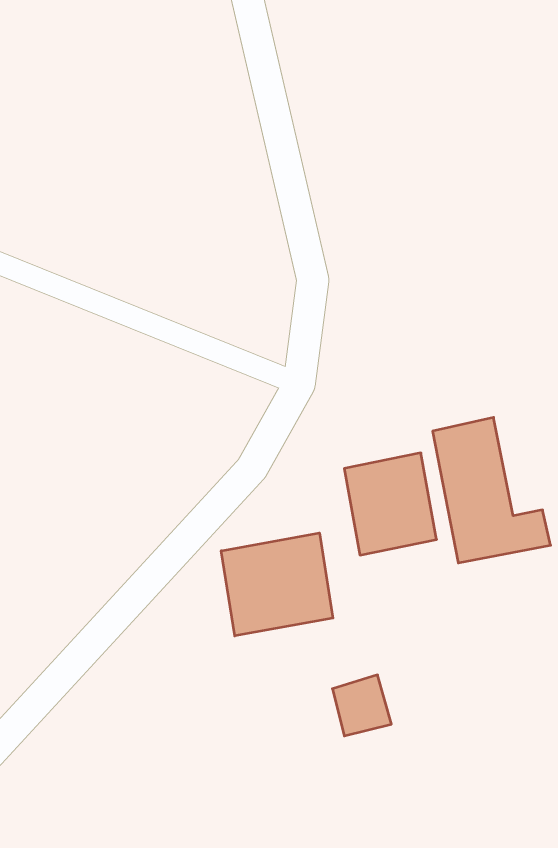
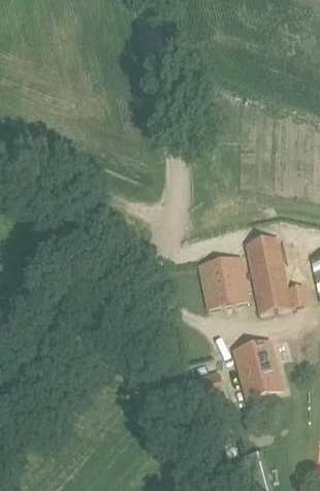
building: [221,533,333,636] -> none
building: none -> [235,341,281,398]

